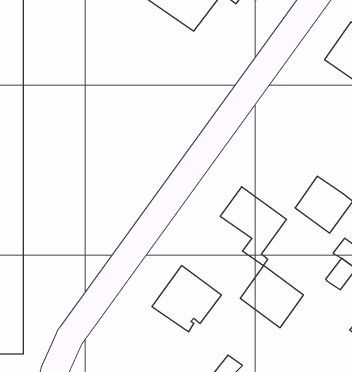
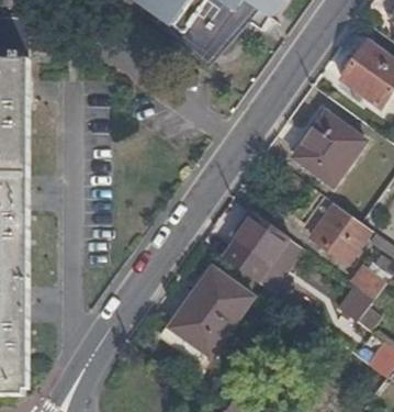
building: none -> [289,111,363,187]
building: [240,266,303,328] -> [190,260,256,325]

